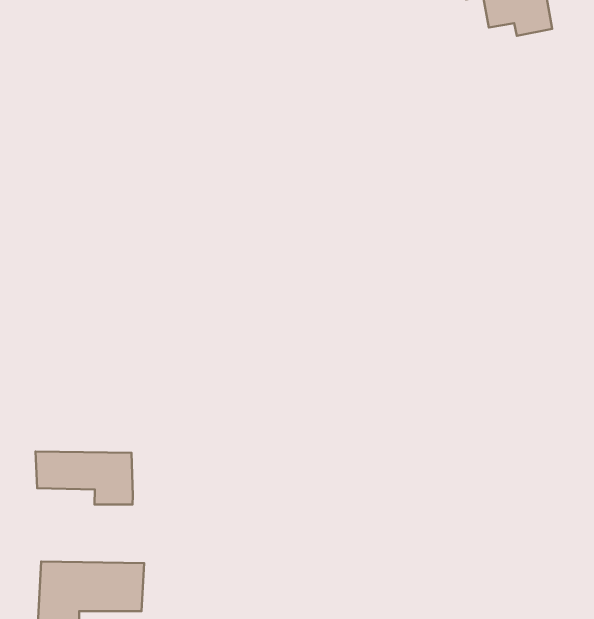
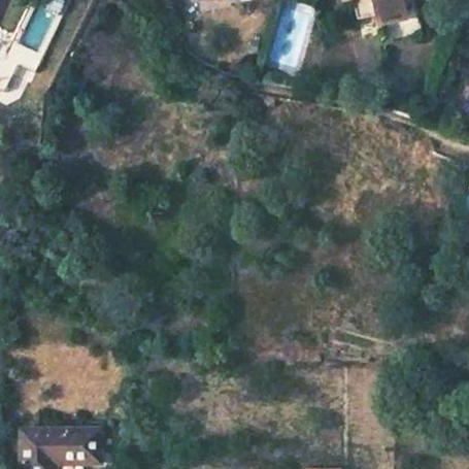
building: [36,452,133,505] -> none

